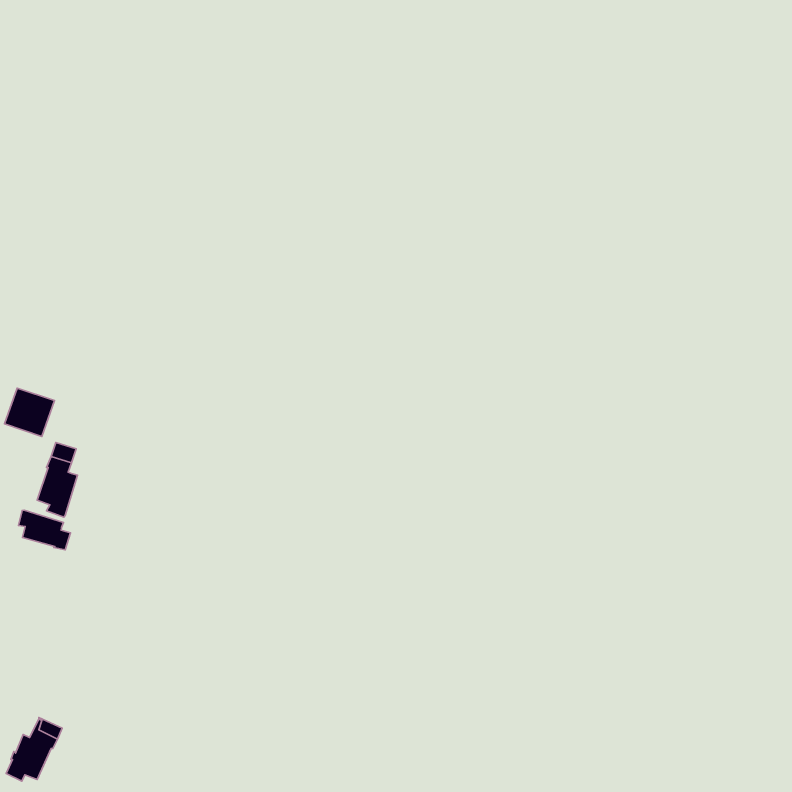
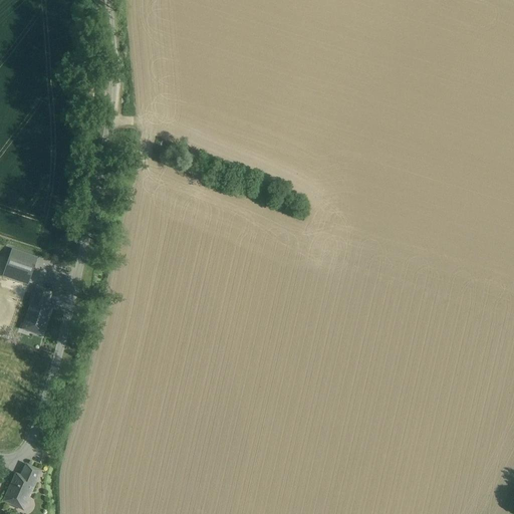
building: [19,510,70,550] -> none

